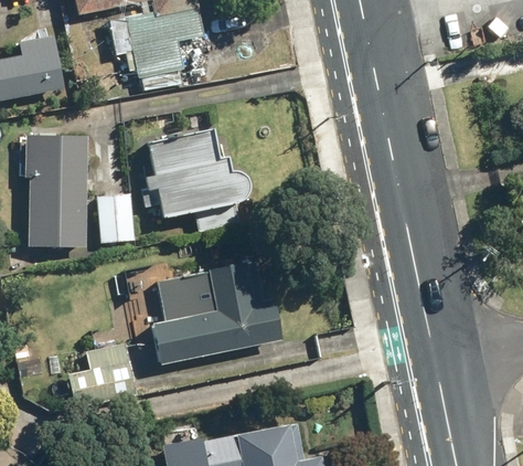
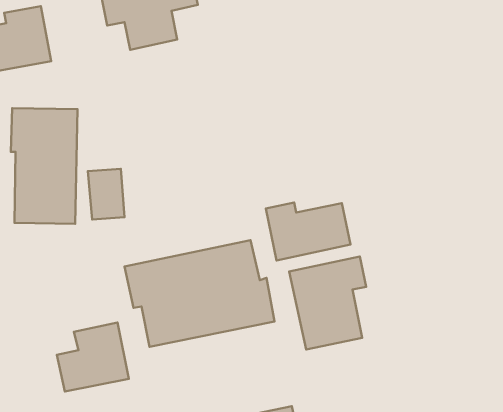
building: [145,130,243,232] -> none
building: none -> [266,203,351,260]
building: none -> [289,257,366,350]

